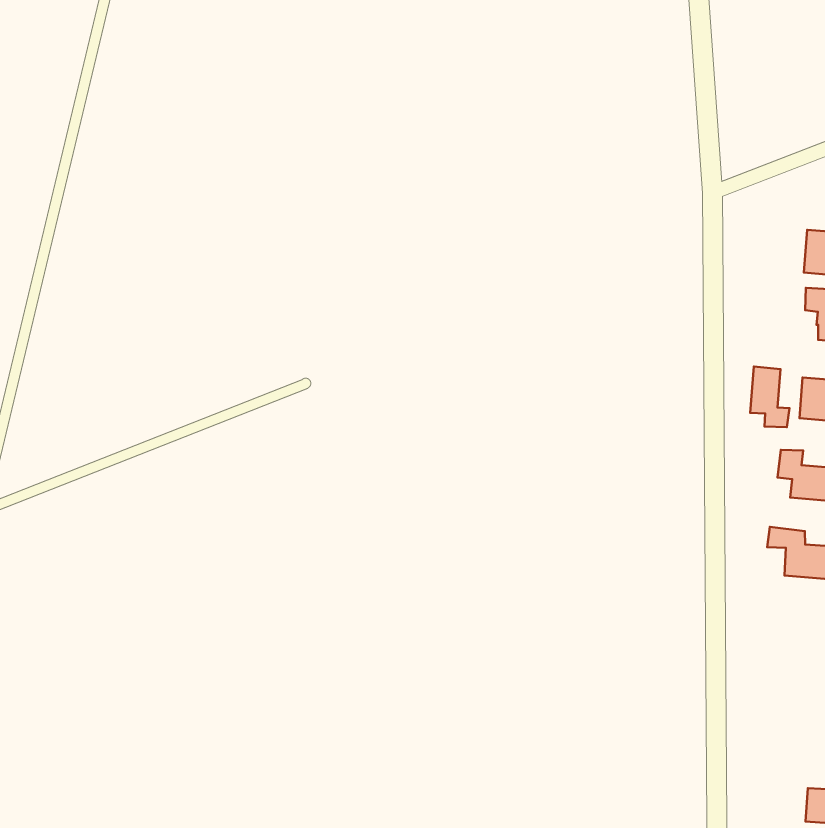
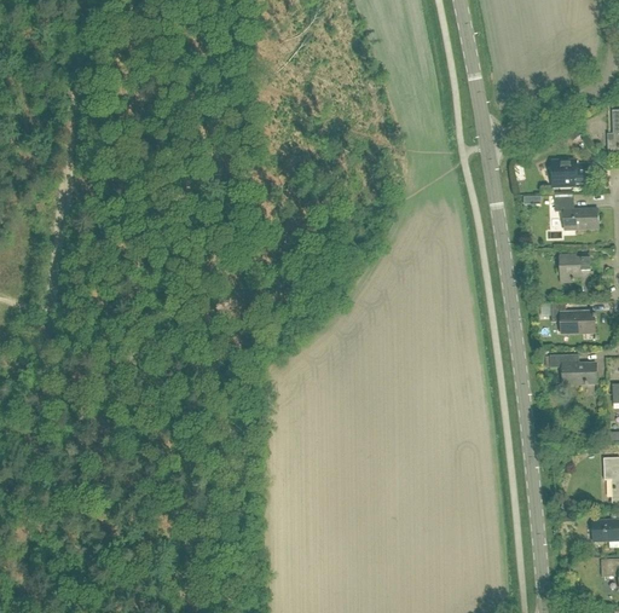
building: [750,366,789,427] -> none

